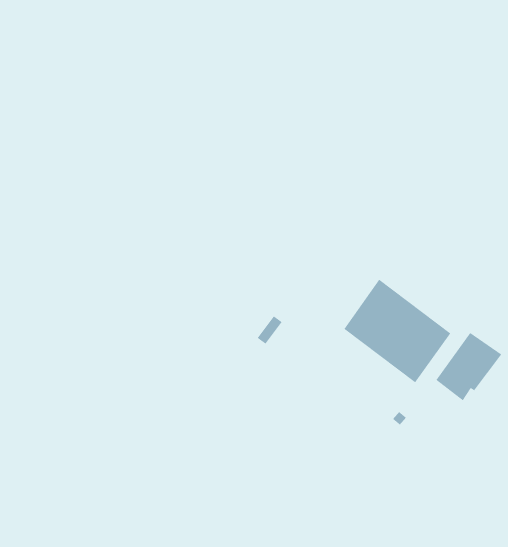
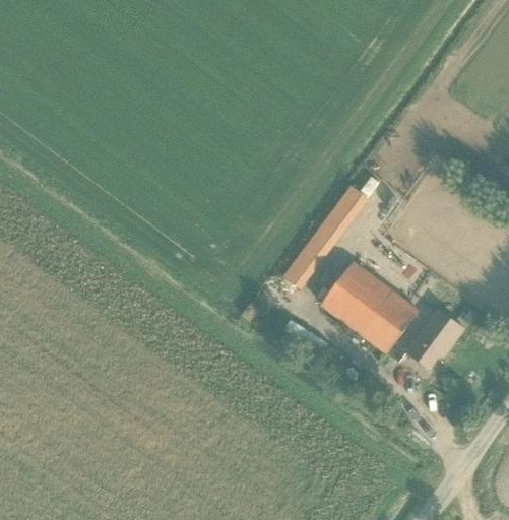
building: none -> [284,190,361,284]

